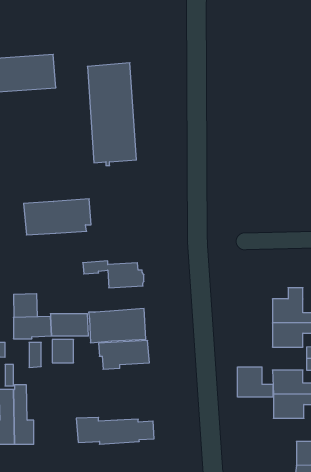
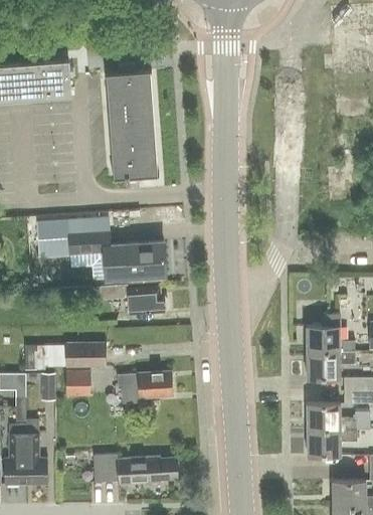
building: [14,294,37,317] -> none
building: [89,309,146,343] -> [103,241,165,279]
building: [238,367,273,397] -> none

